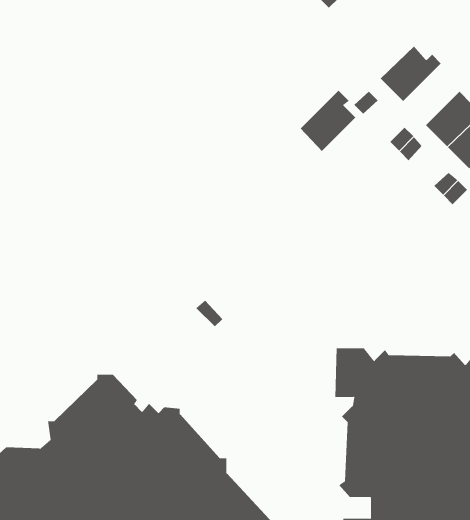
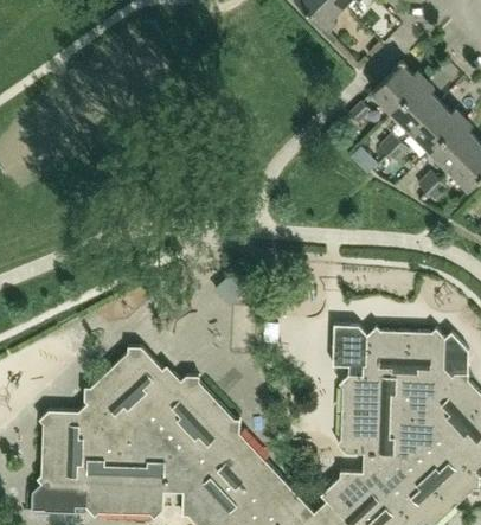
building: [300,90,356,152] -> [391,81,440,134]

